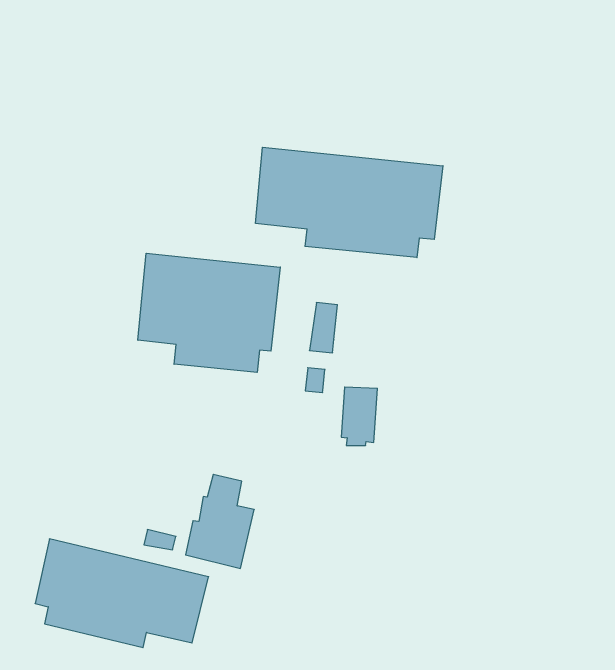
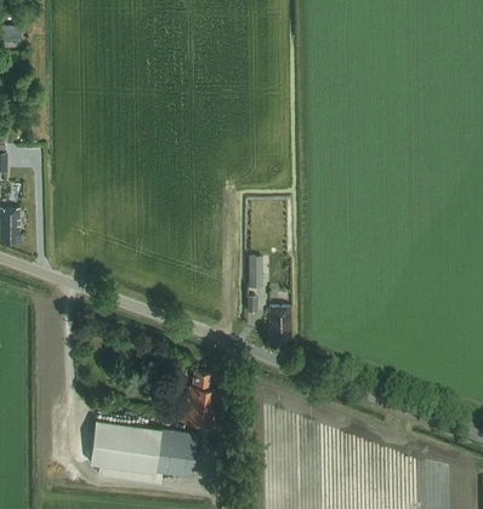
building: [256,147,443,258] -> none
building: [138,253,280,372] -> none

